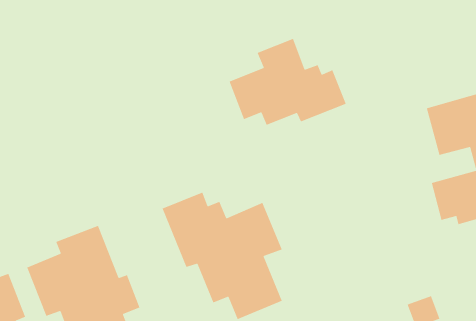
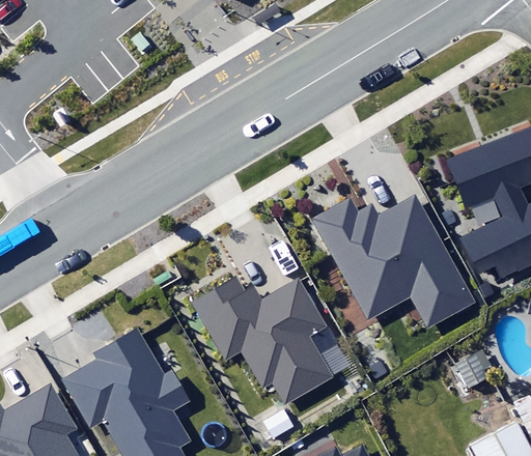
building: [228,38,347,126] -> none
building: none -> [314,198,473,327]

